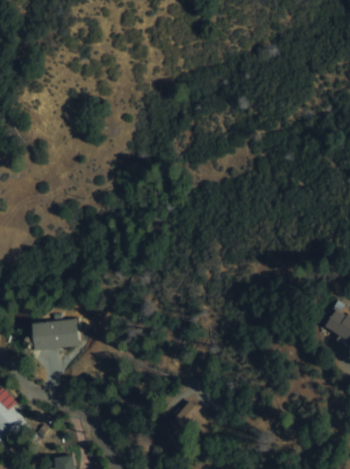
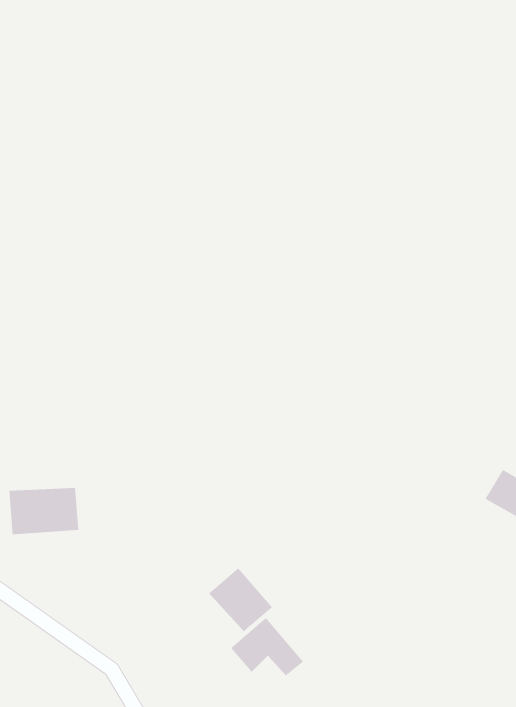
building: none -> [208,567,273,632]

